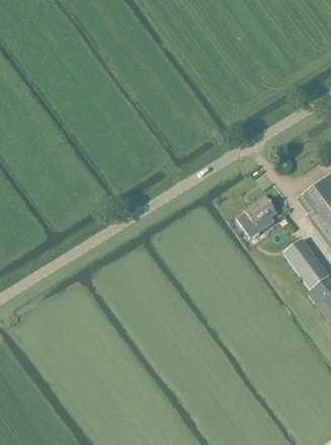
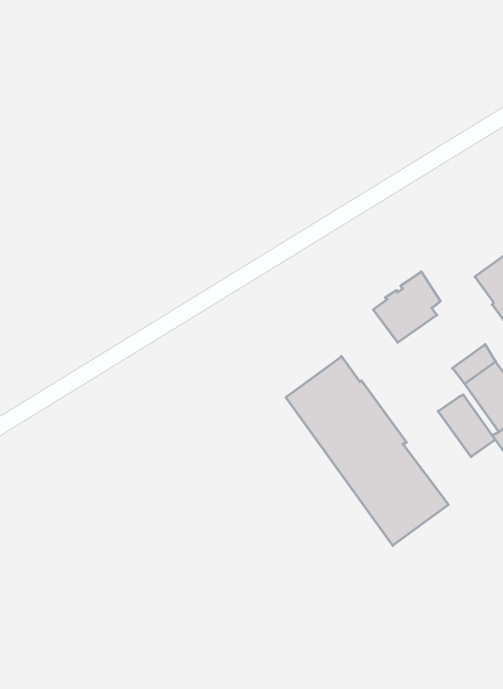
building: none -> [286,356,448,546]
building: none -> [438,395,495,457]

